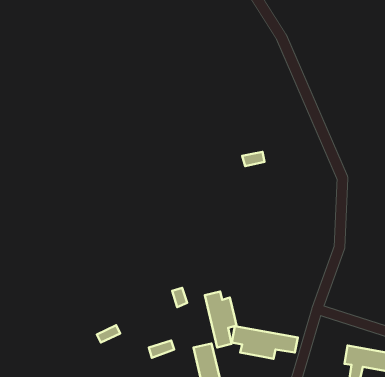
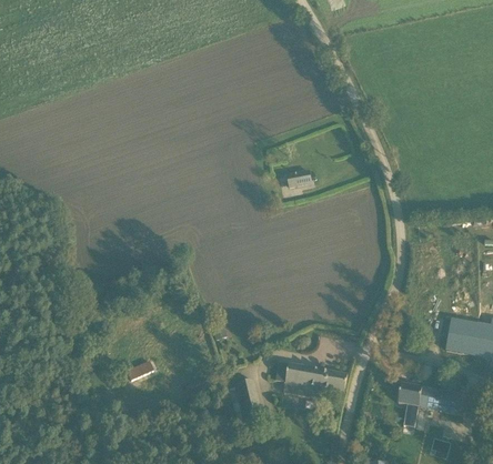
building: [205,291,237,347] -> none

